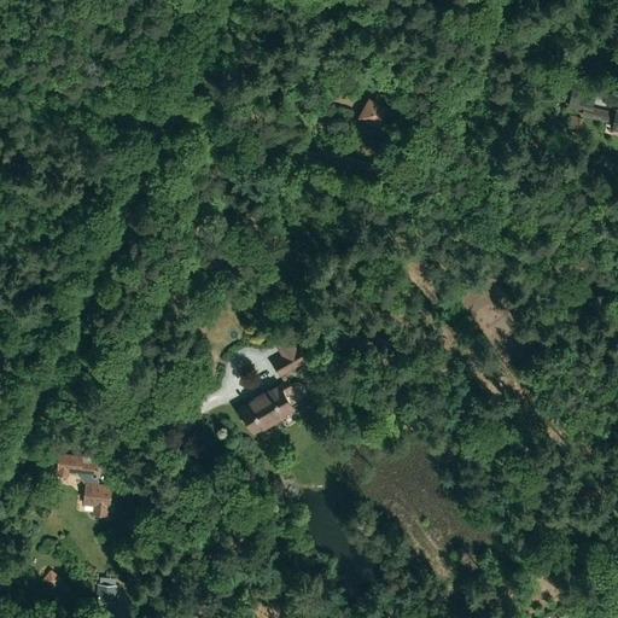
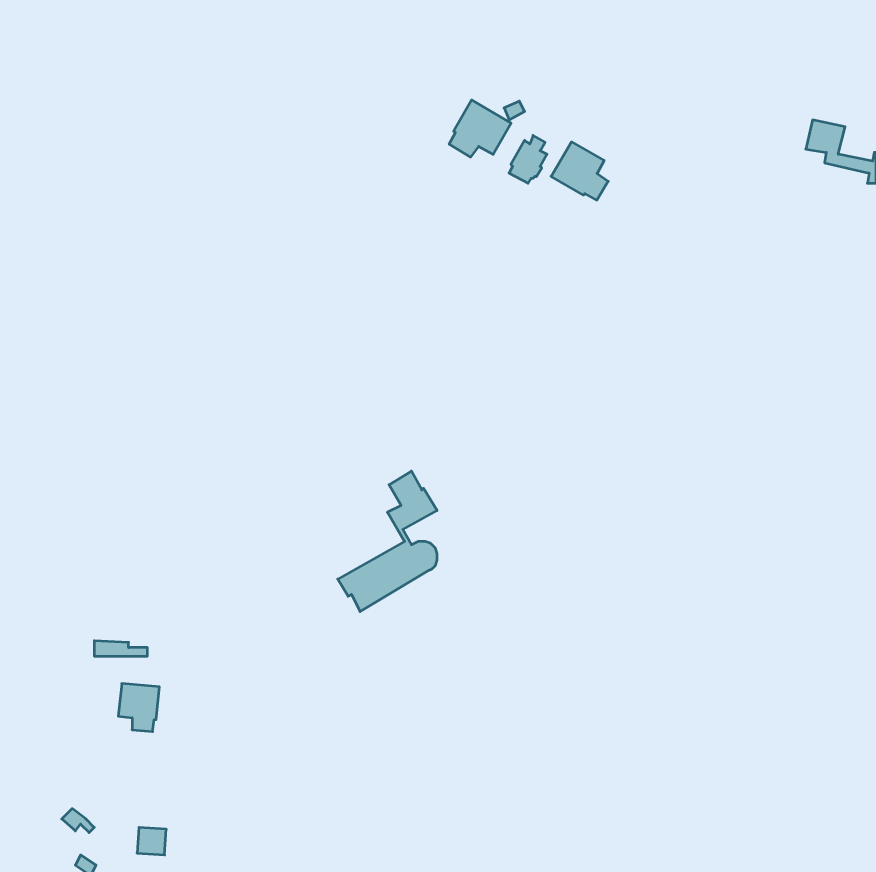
building: none -> [449,100,511,157]
building: none -> [551,142,608,200]

